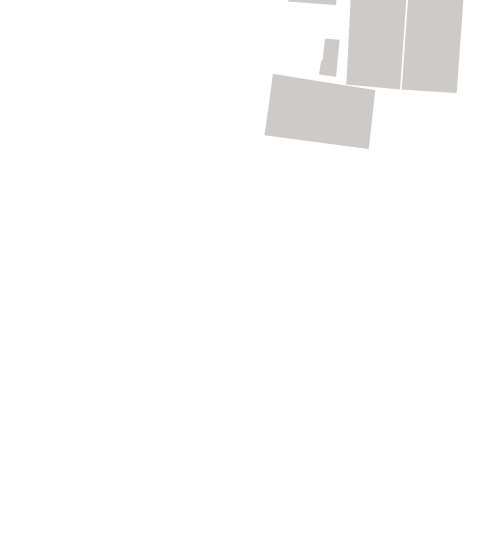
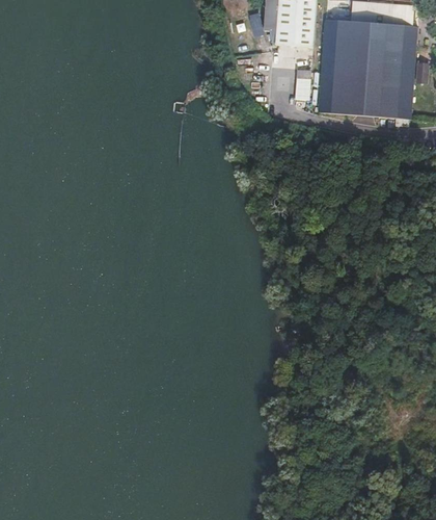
building: [264,73,376,150] -> none

